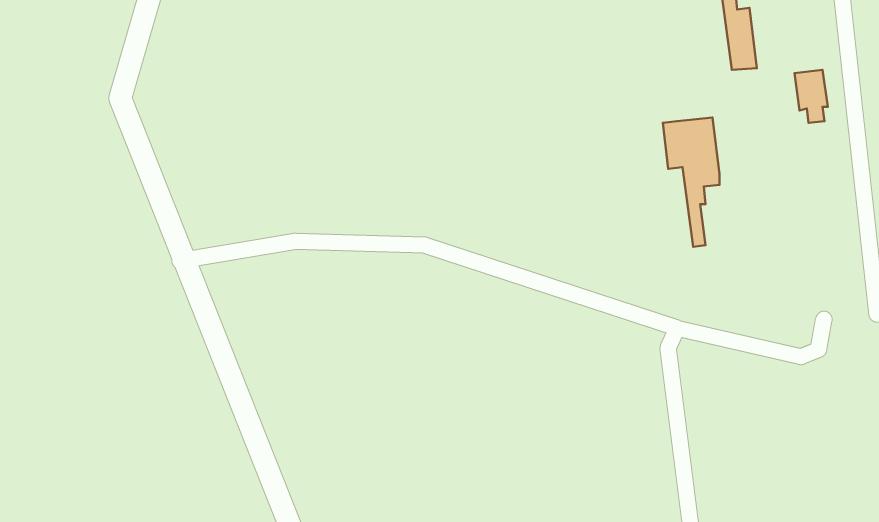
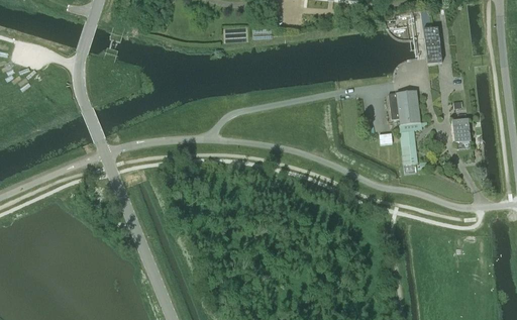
building: [794,70,828,123] -> [450,117,470,147]

